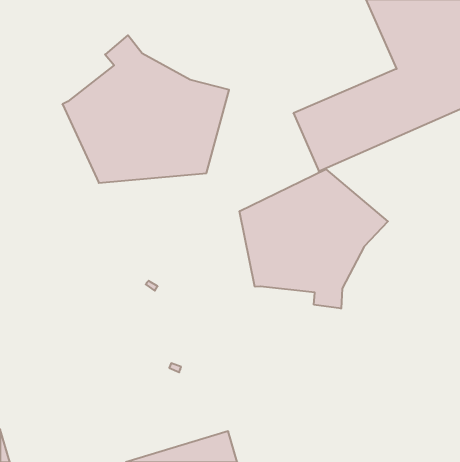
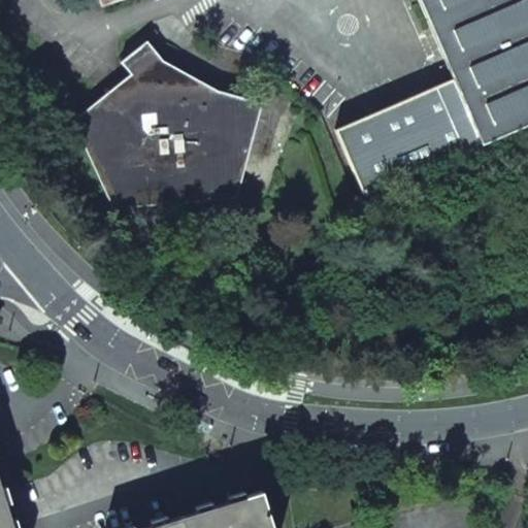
building: [240,169,388,309] -> none

